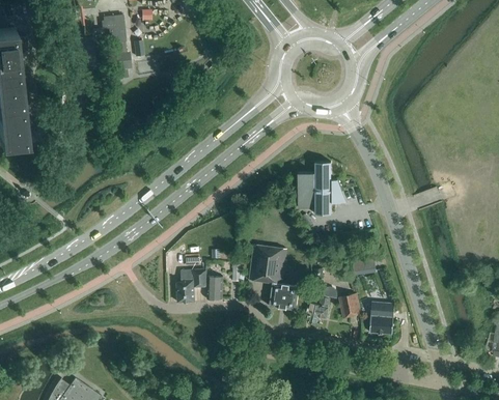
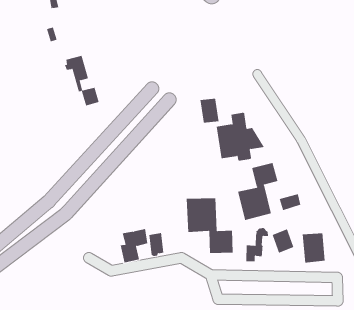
building: [102,16,133,70] -> [64,55,99,106]
building: none -> [200,98,219,123]
building: none -> [238,162,278,221]

